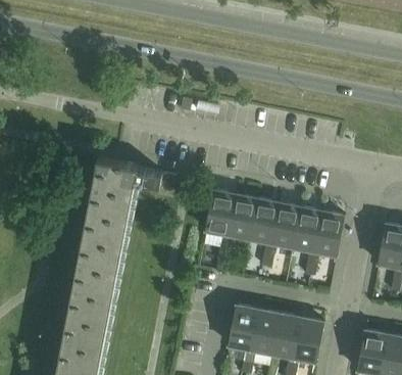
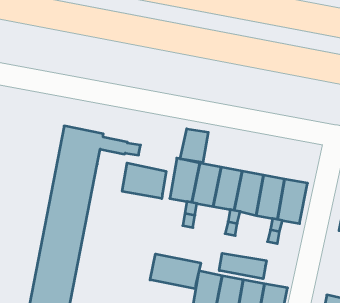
building: none -> [180,129,208,163]
building: none -> [122,163,166,199]
building: none -> [219,253,266,279]
building: none -> [150,254,201,289]

